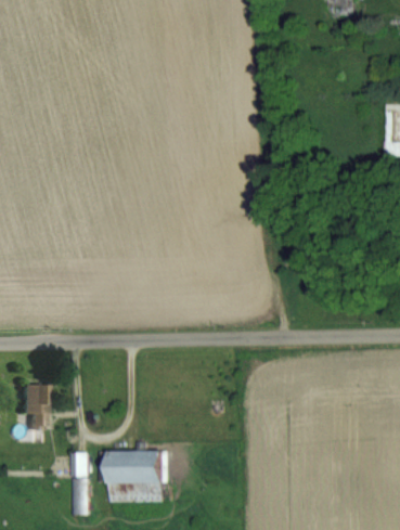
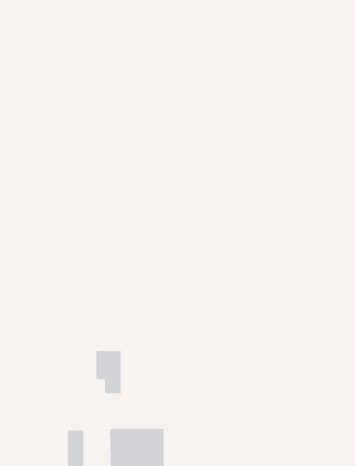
building: [20,384,46,427] -> [95,351,121,394]

